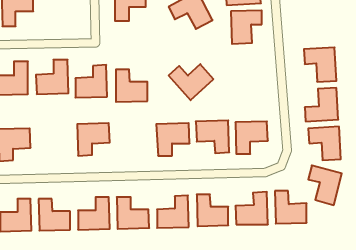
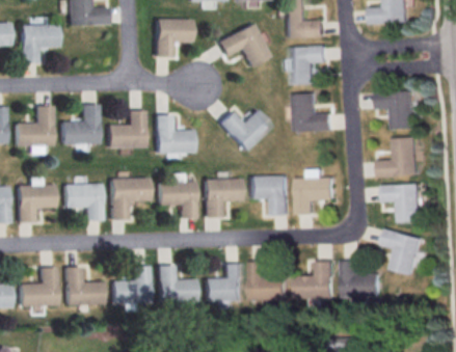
building: none -> [295,93,334,133]
building: none -> [158,182,197,219]
building: none -> [64,184,103,222]

